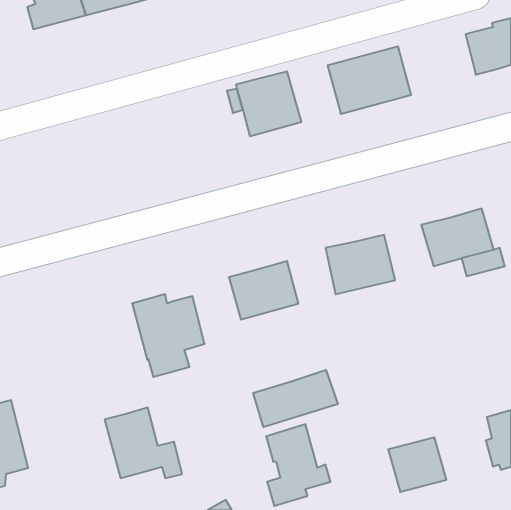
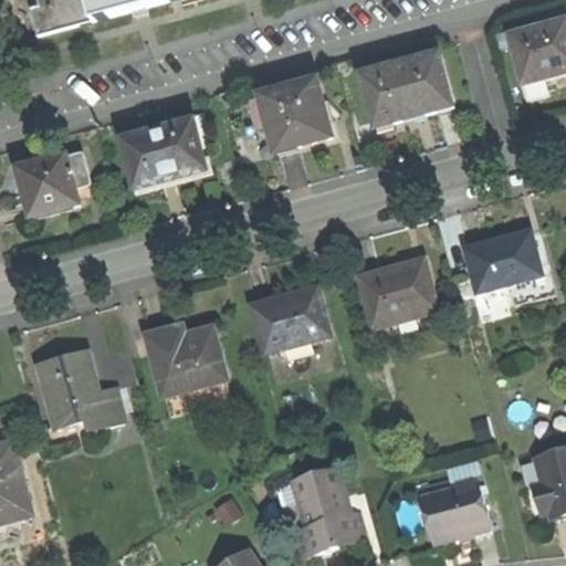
building: none -> [120,118,205,187]
building: none -> [15,154,86,214]
building: [253,370,338,427] -> none
building: [105,408,182,478] -> [38,349,123,427]

